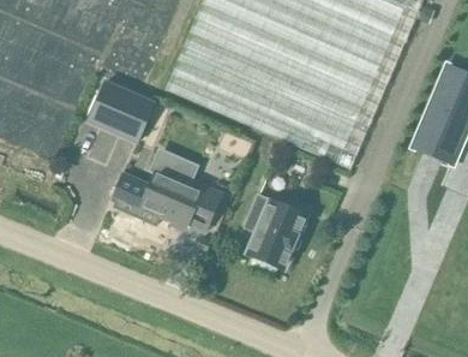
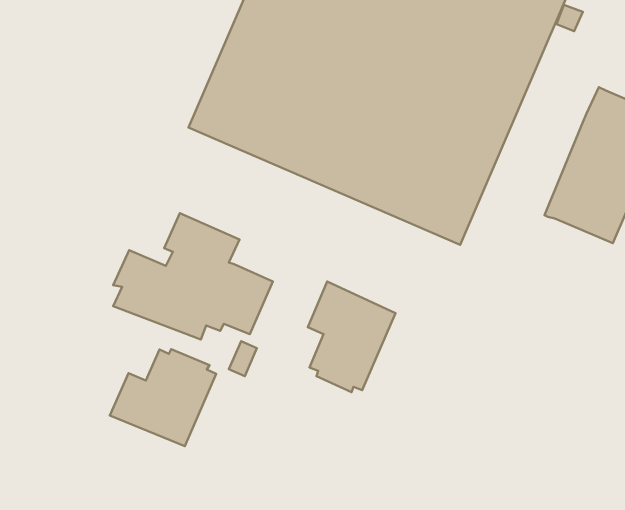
building: [88,79,156,142] -> none
building: none -> [110,349,216,446]

